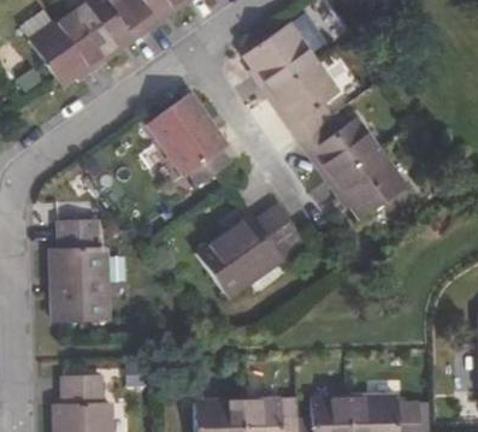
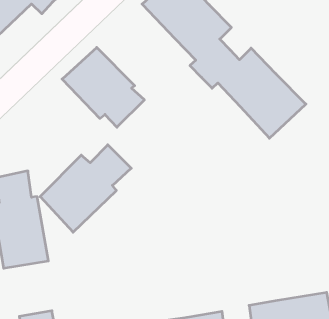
building: [199,208,301,297] -> [40,145,131,232]

